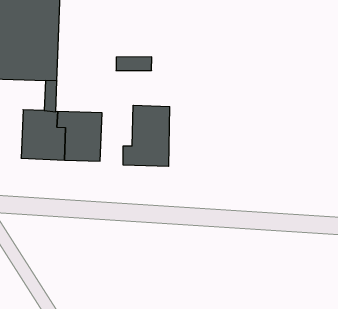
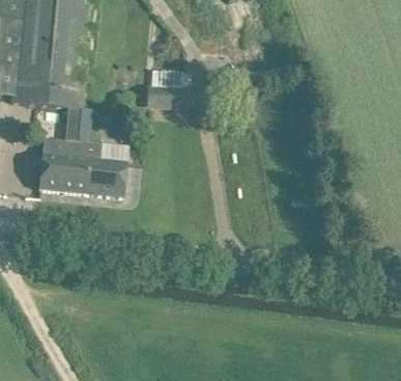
building: [123,105,170,166] -> none

